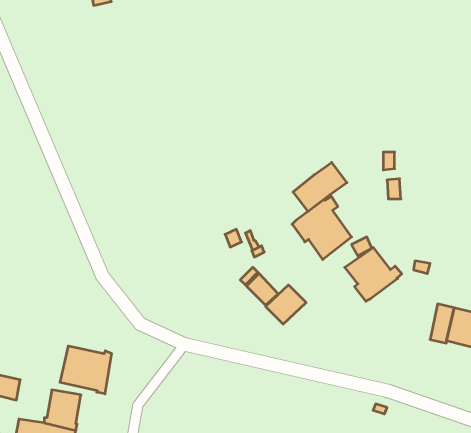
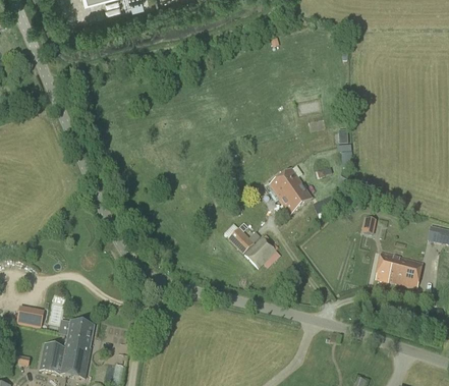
building: [293,162,347,211] -> none
building: [345,247,402,301] -> none
building: [60,346,111,394] -> none

